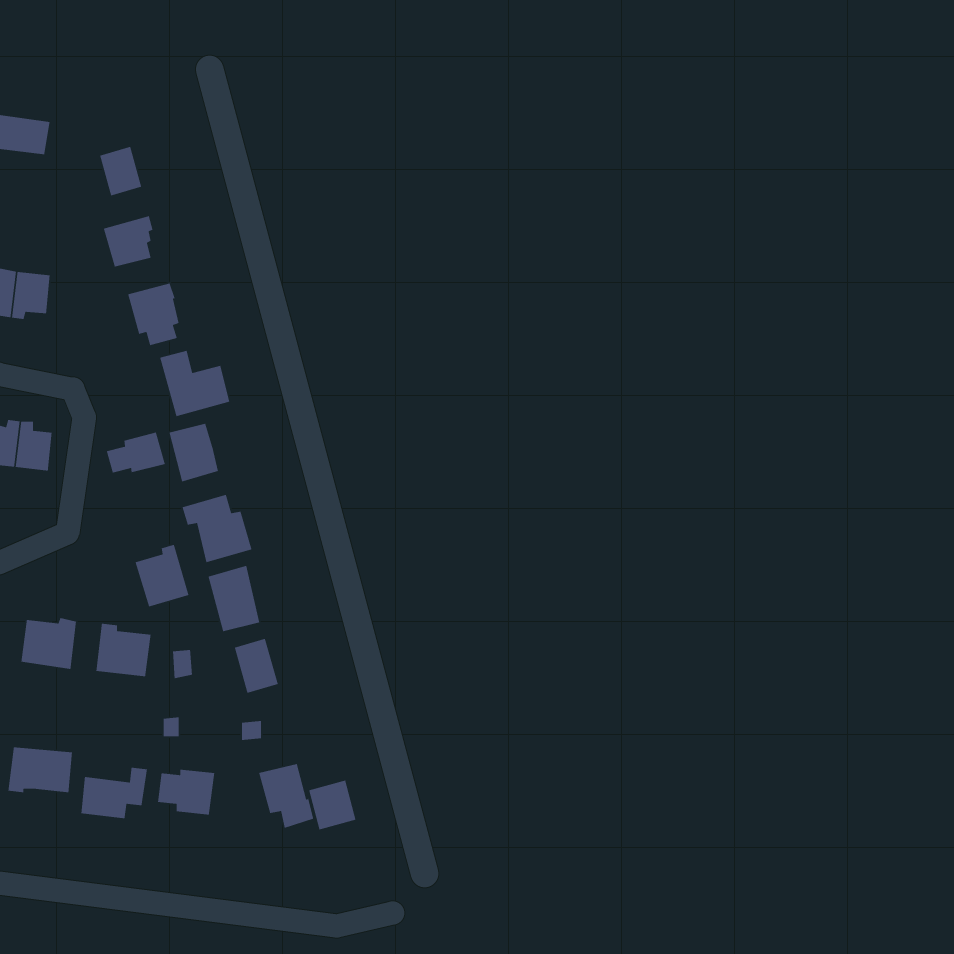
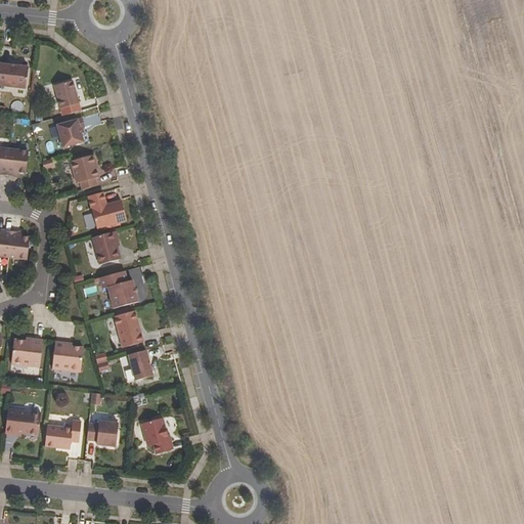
building: [106,432,166,473] -> none
building: [134,544,190,607] -> none
building: [308,779,357,831] -> none

